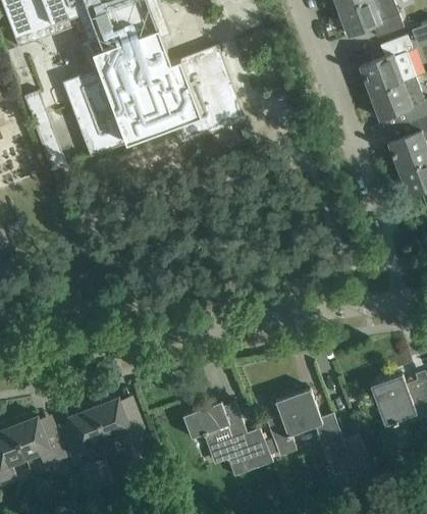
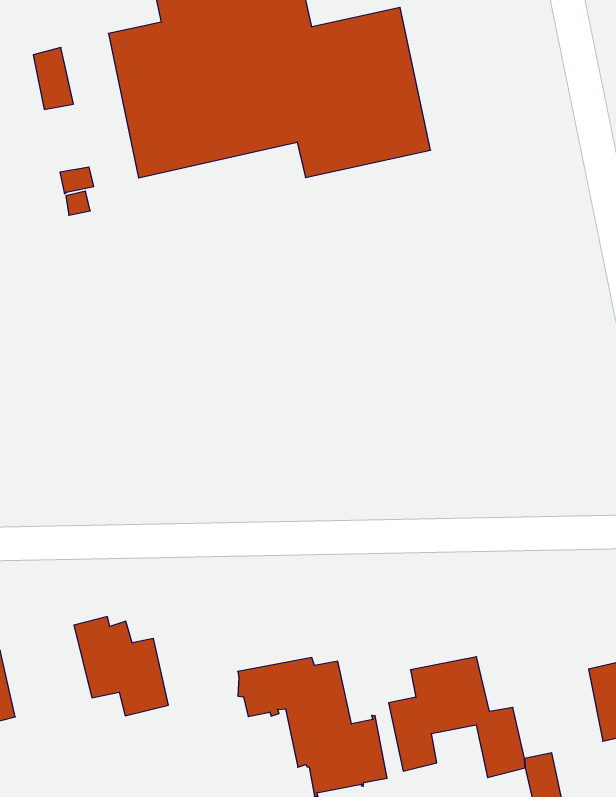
building: [61,403,106,466] -> none

